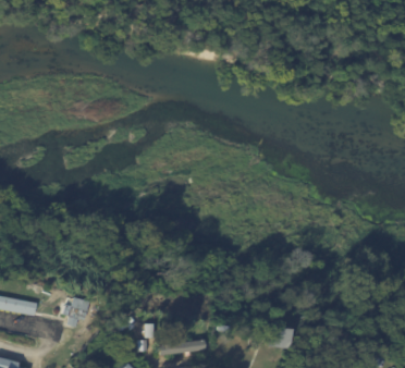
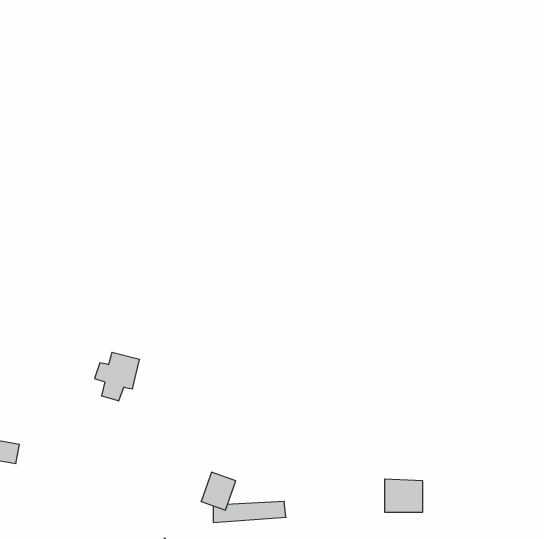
building: [62,296,90,327] -> [95,352,140,401]

